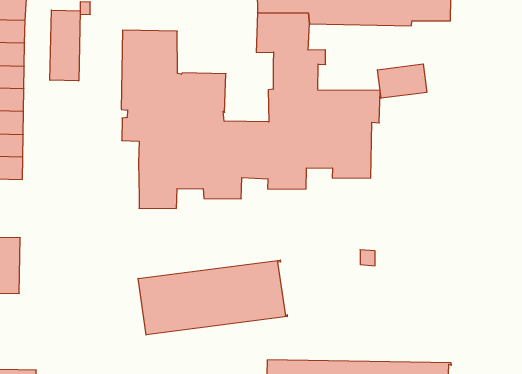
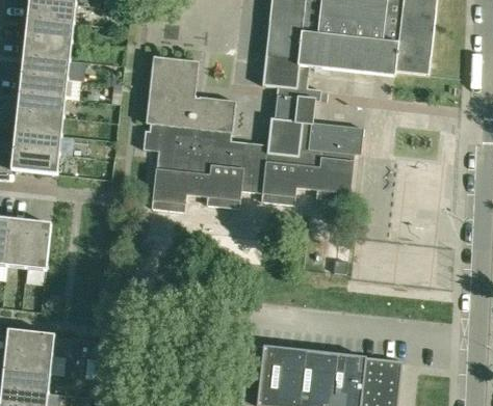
building: [50,10,80,81] -> none
building: [377,64,427,98] -> none
building: [138,260,287,335] -> none

